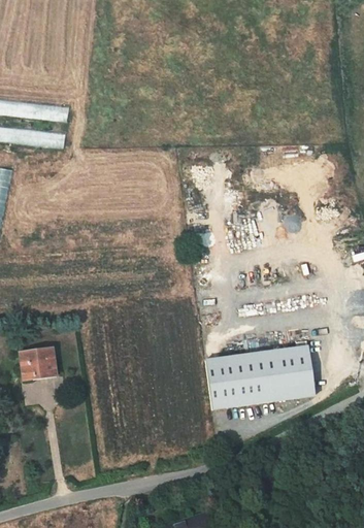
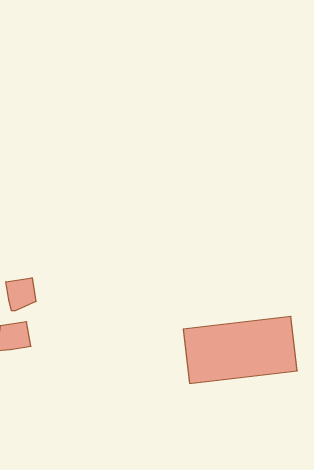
building: none -> [6,278,36,311]

